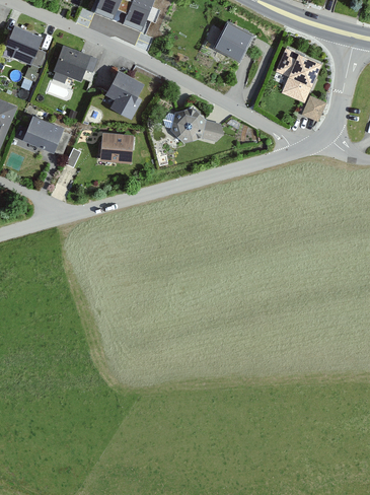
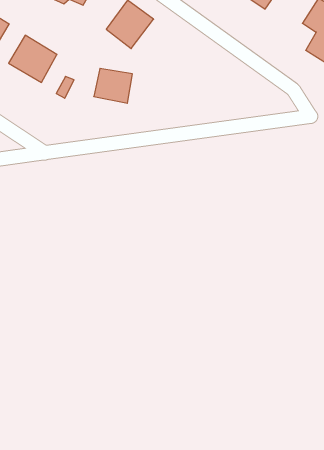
building: [171,107,224,142] -> none

